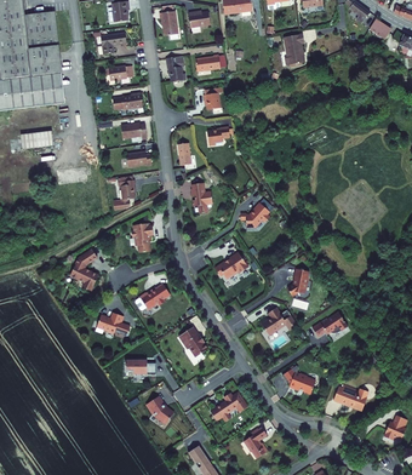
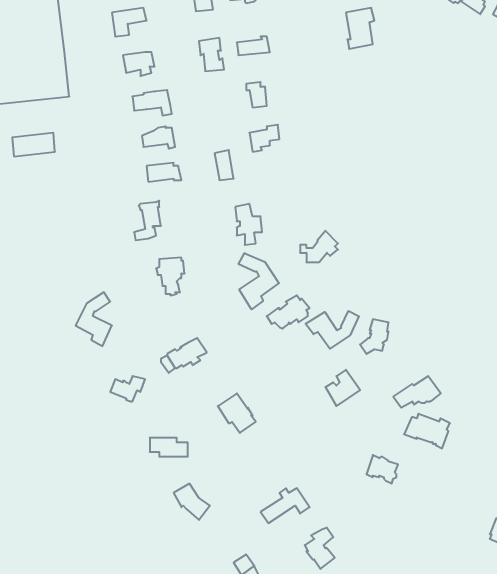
building: none -> [239,253,279,309]
building: none -> [306,311,359,349]
building: [338,387,373,413] -> [404,414,450,448]

